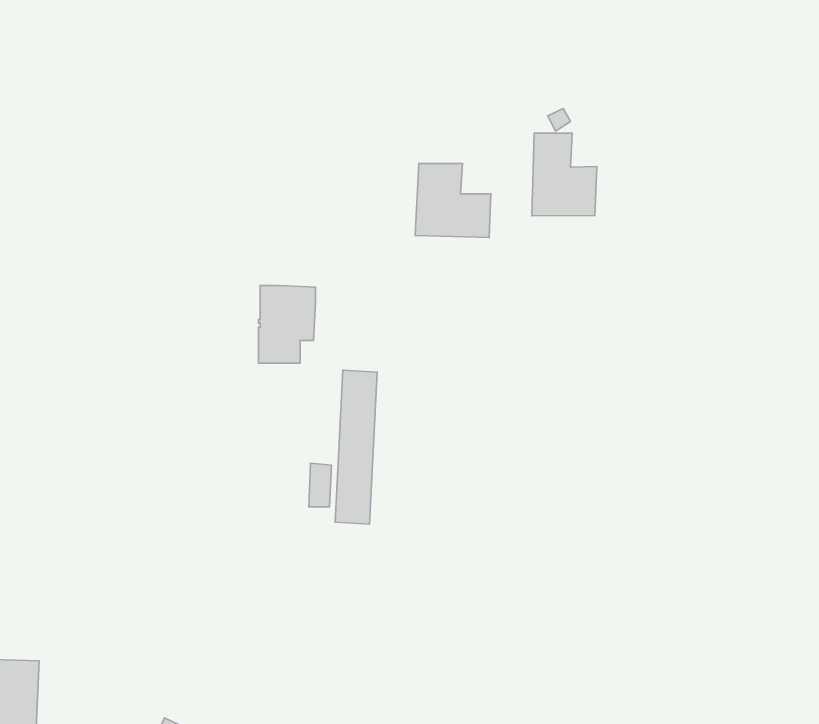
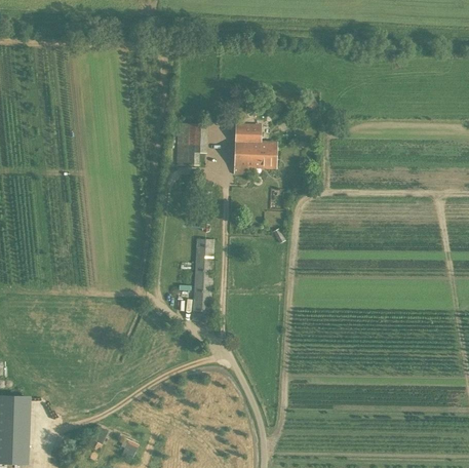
building: [532,133,597,216] -> none
building: [258,285,315,363] -> [175,123,206,165]

